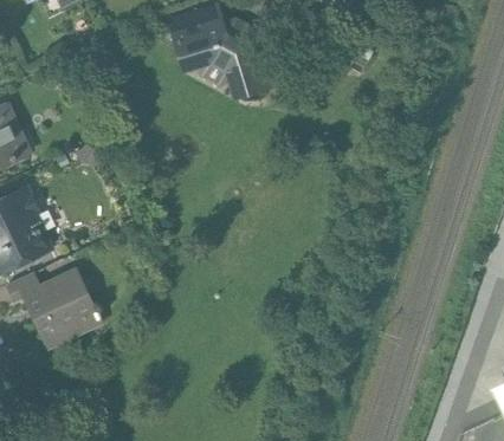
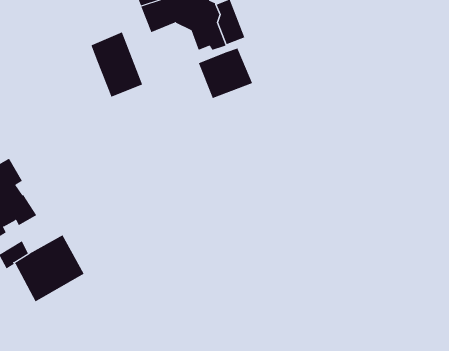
building: none -> [91,32,143,98]
building: none -> [198,48,253,99]

